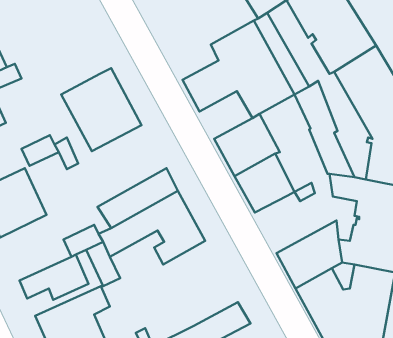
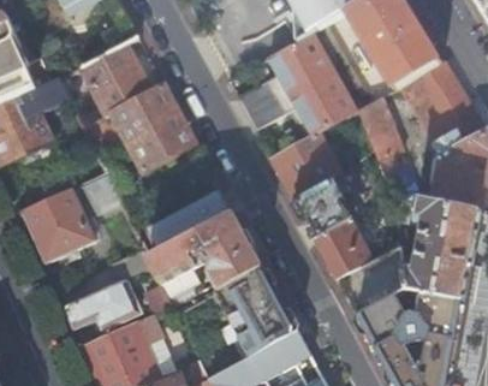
building: none -> [78,43,149,114]
building: none -> [314,218,368,273]
building: none -> [214,266,296,356]

